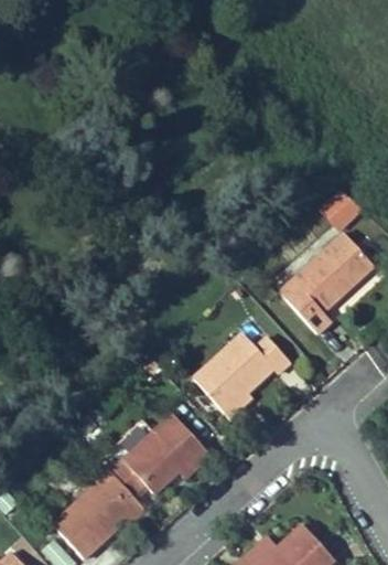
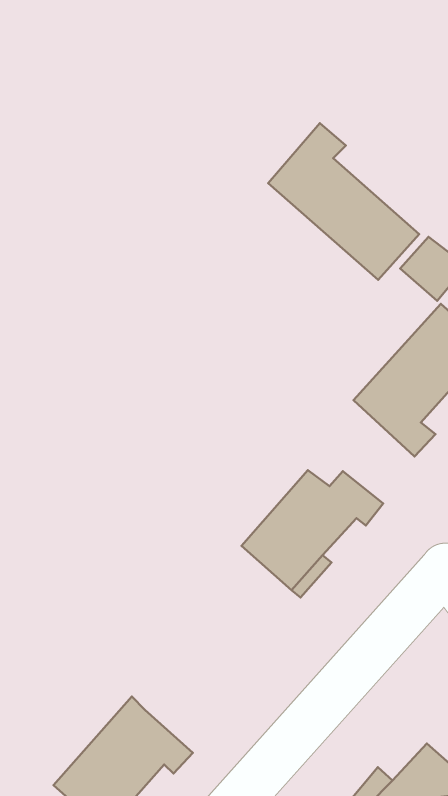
building: none -> [268,123,419,280]
building: [109,412,208,498] -> none

